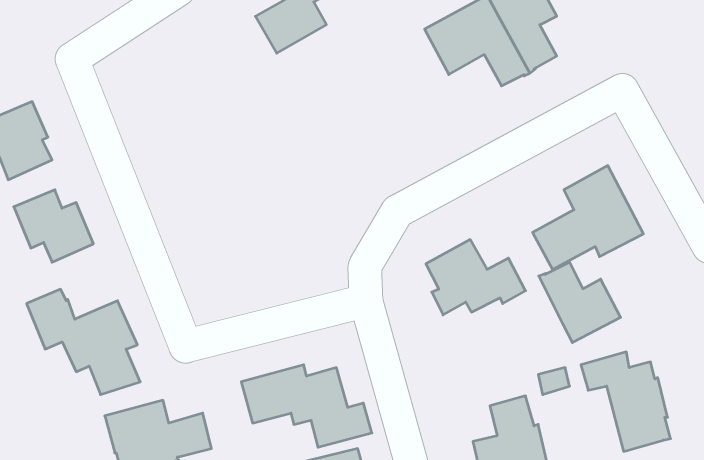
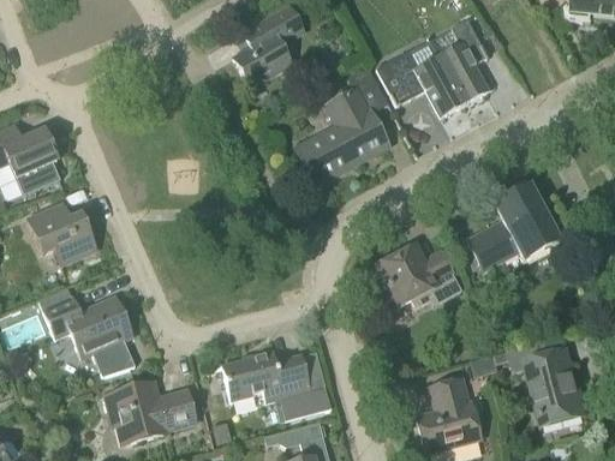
building: none -> [304,67,388,179]
building: [539,262,621,343] -> none

